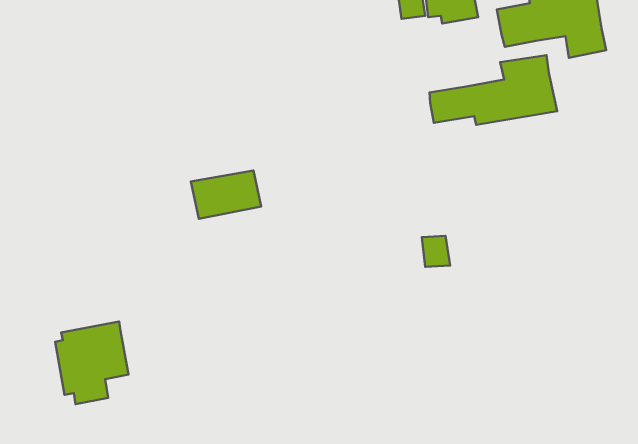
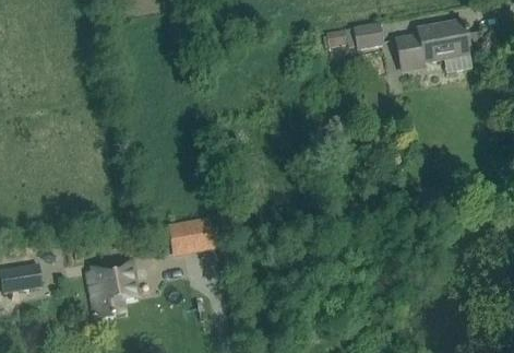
building: [429,55,557,125] -> none
building: [191,171,261,219] -> [167,217,216,251]

